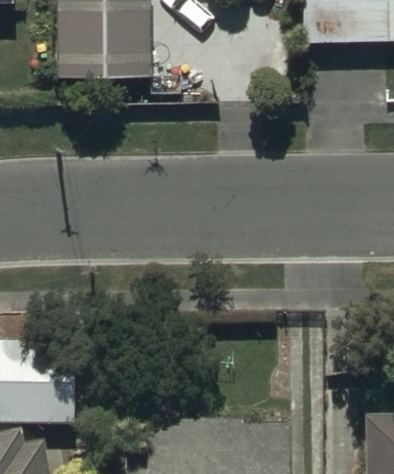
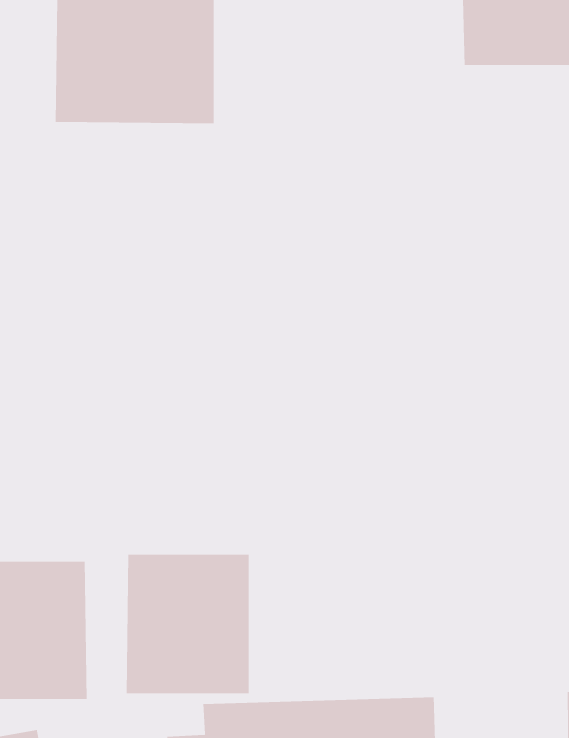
building: none -> [126,554,249,694]

